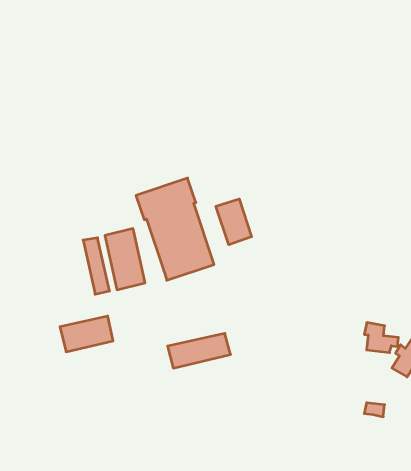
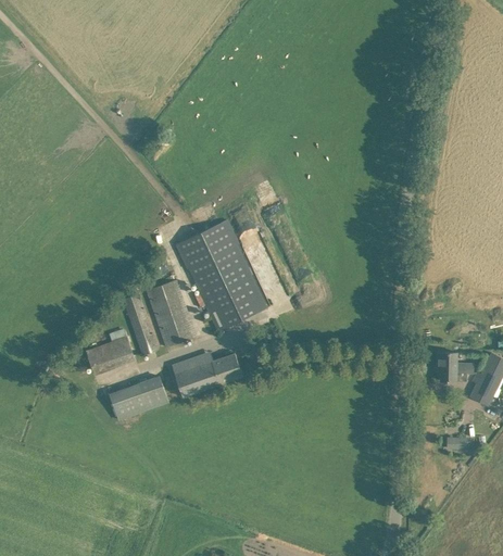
building: [216,199,252,245] -> none
building: none -> [86,336,134,371]
building: [168,333,231,368] -> [174,353,242,396]

